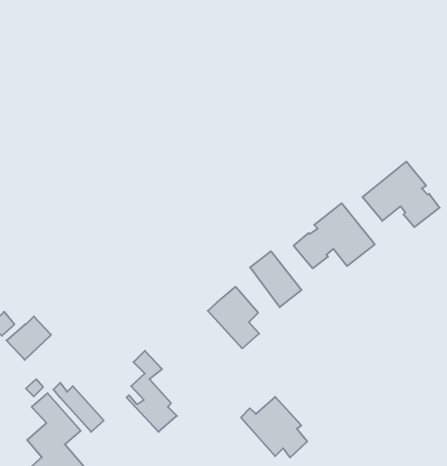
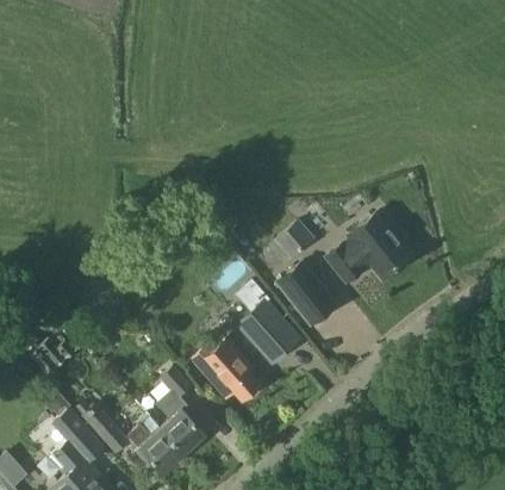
building: [362,162,440,227] -> none
building: none -> [278,219,316,258]
building: [241,397,307,457] -> [191,339,260,402]
building: none -> [129,416,186,470]

